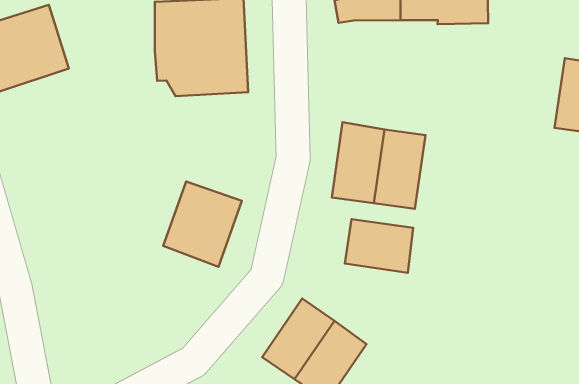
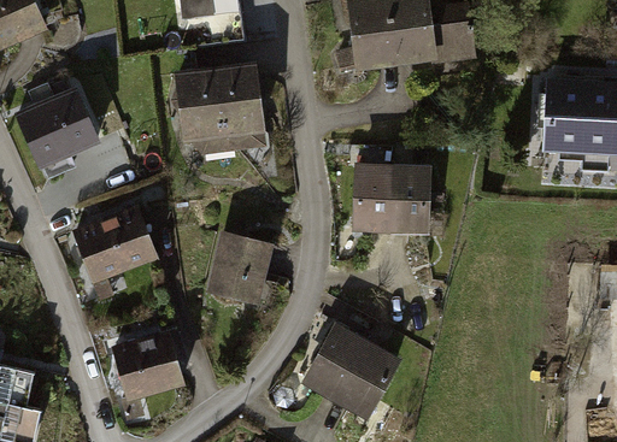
building: none -> [71,205,158,300]
building: [345,219,413,273] -> none
building: none -> [110,330,184,402]

